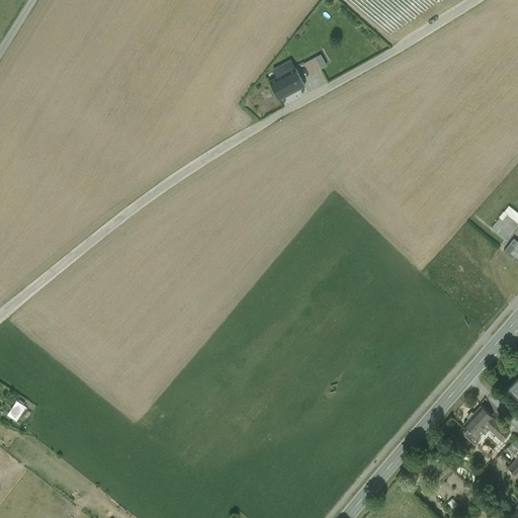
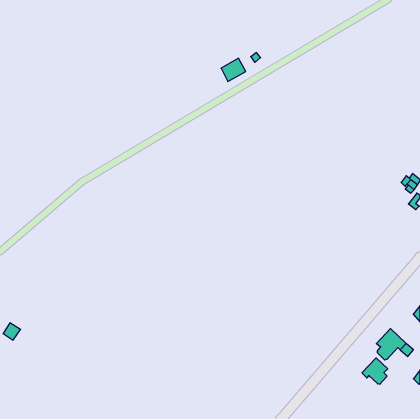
building: none -> [362,358,388,384]

